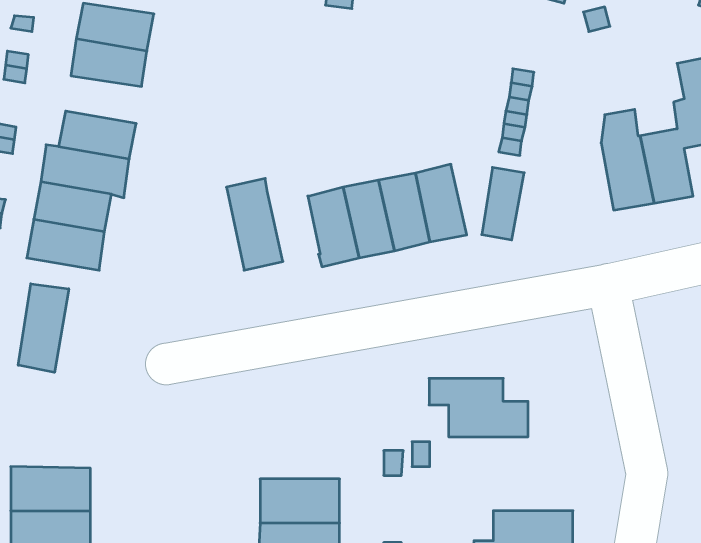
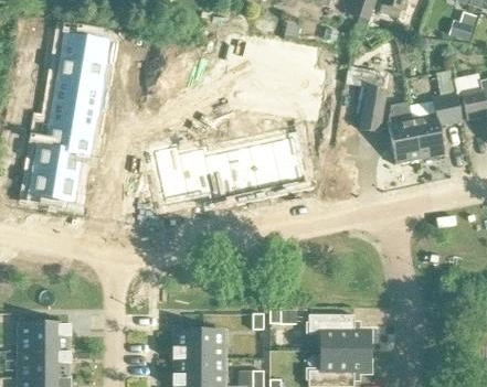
building: none -> [53,79,100,109]
building: [482,167,524,240] -> [360,86,387,131]
building: none -> [179,147,212,195]
building: [18,284,69,372] -> none
building: [429,378,528,437] -> [308,314,370,351]

